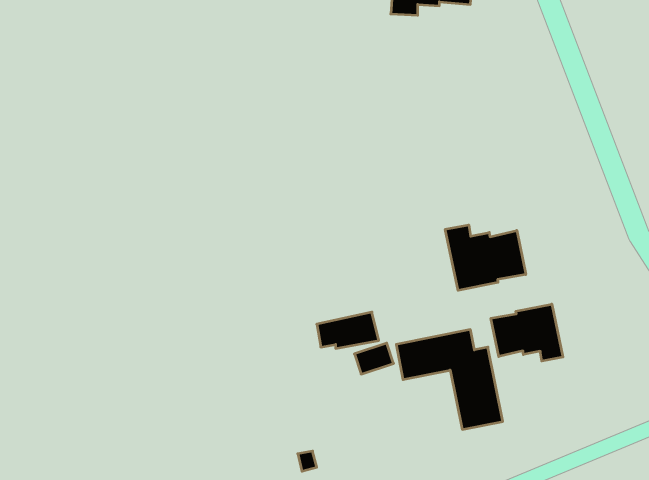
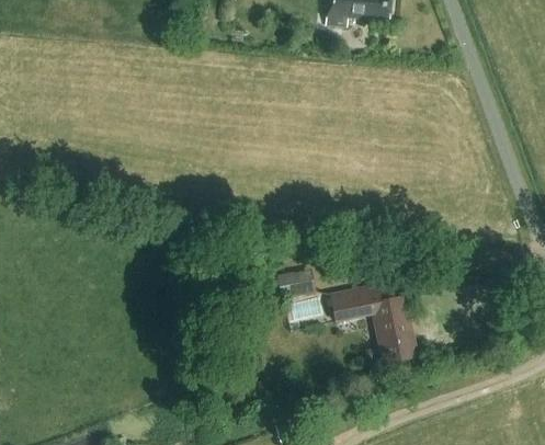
building: [445,225,526,290] -> none
building: [491,304,563,361] -> none

